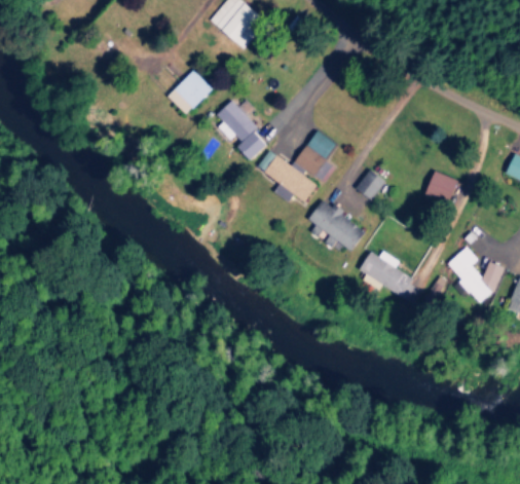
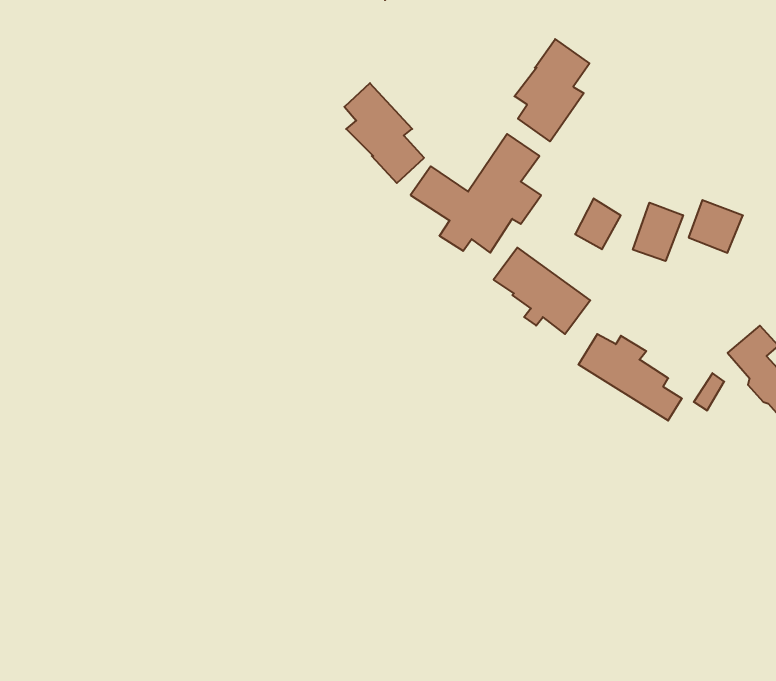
building: [168,70,213,115] -> none
building: none -> [514,39,589,141]
building: none -> [633,203,683,261]

